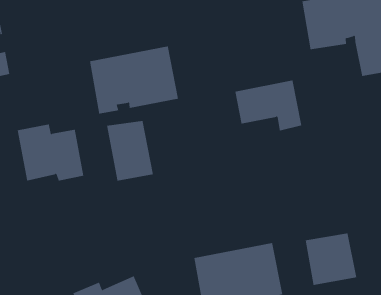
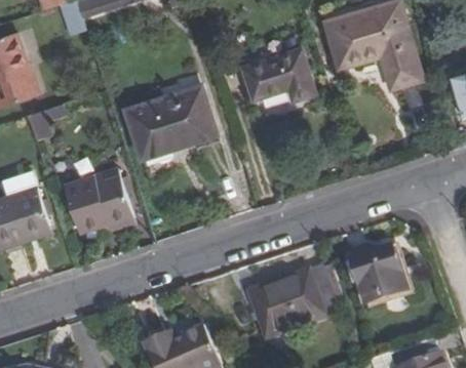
building: [234,80,302,131] -> [244,51,314,103]
building: [107,120,153,182] -> none

